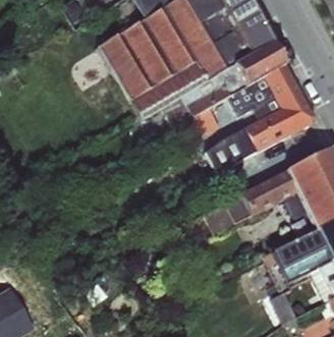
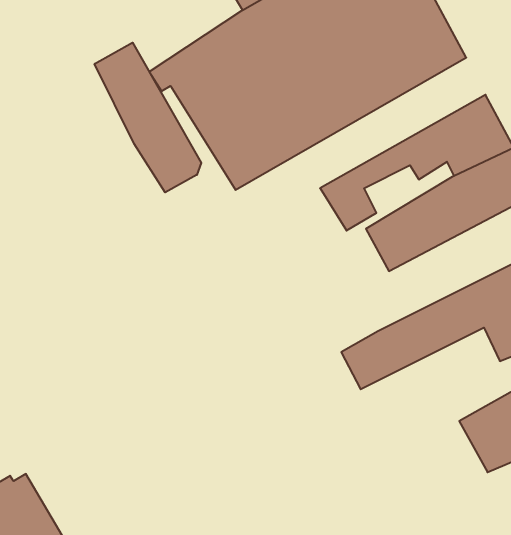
building: none -> [95,43,201,192]
building: [163,43,288,127] -> none

